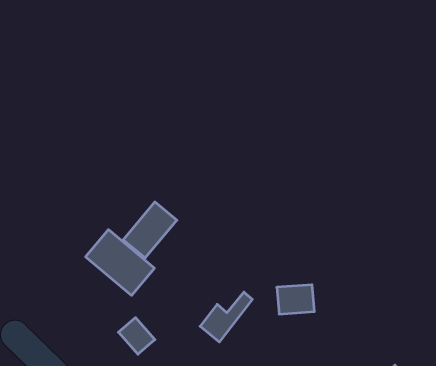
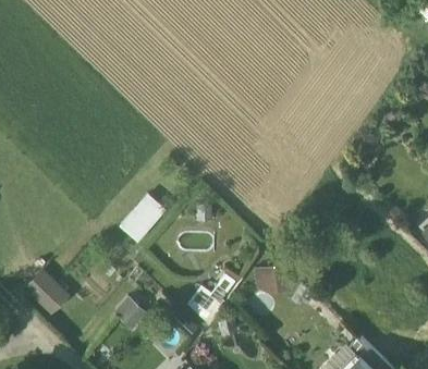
building: [86,230,154,295] -> none
building: none -> [23,265,71,312]

